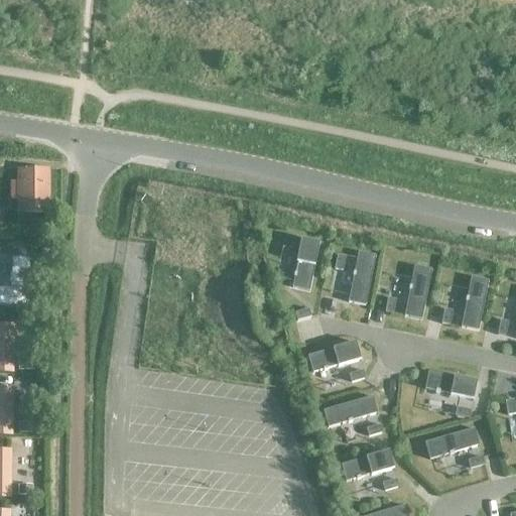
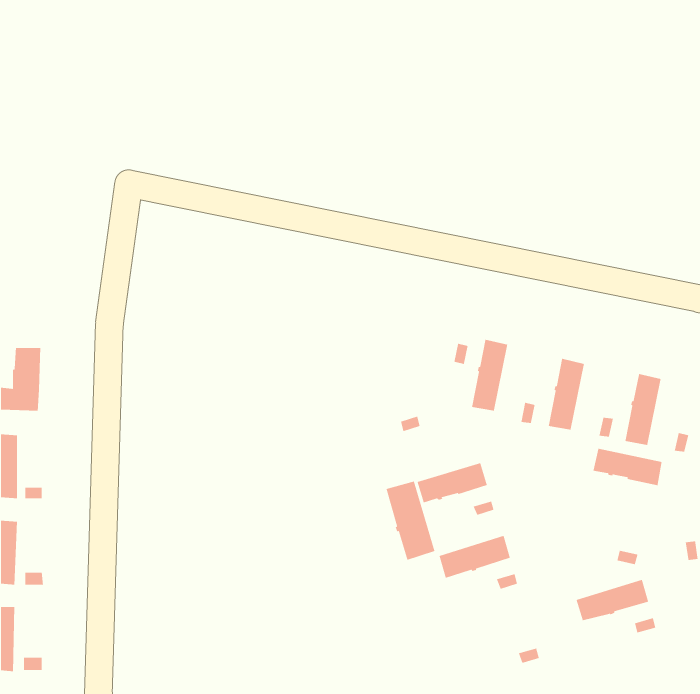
building: [11,167,47,209] -> none
building: [292,237,318,288] -> none
building: none -> [386,480,436,561]
building: [423,369,475,397] -> [592,448,662,486]
building: [340,448,393,480] -> none

